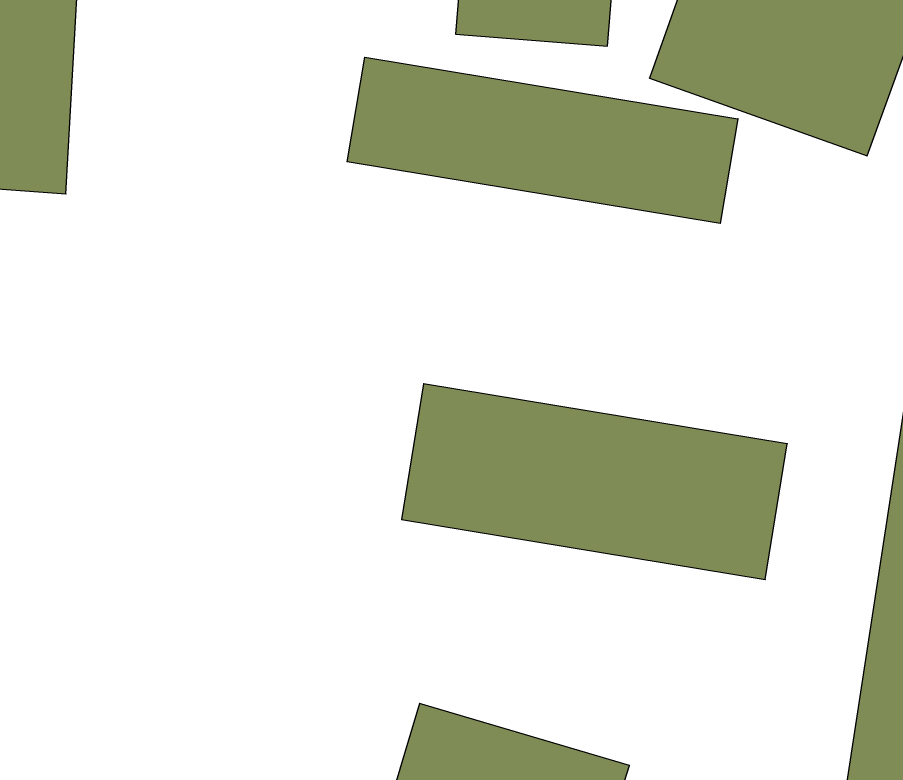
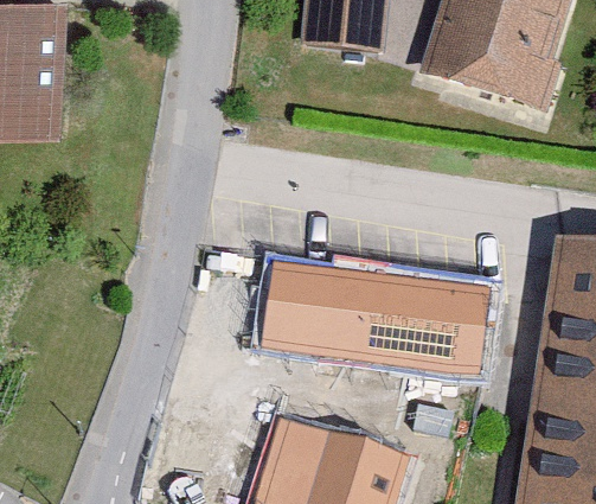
building: [347,57,738,223] -> none

